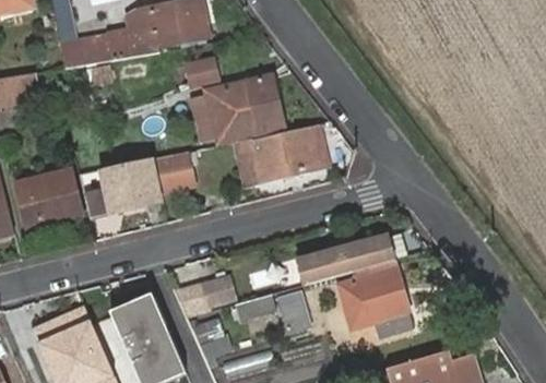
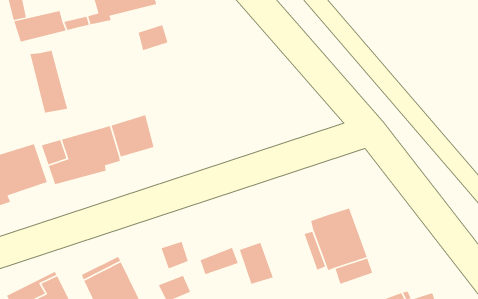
building: none -> [29,50,68,113]
building: [204,76,282,142] -> none
building: [240,127,331,182] -> none
building: [297,240,391,285] -> none

